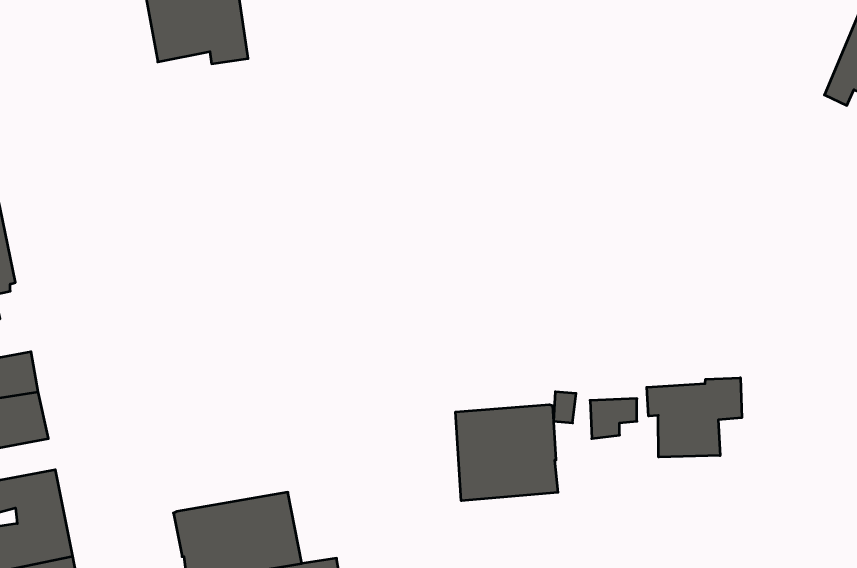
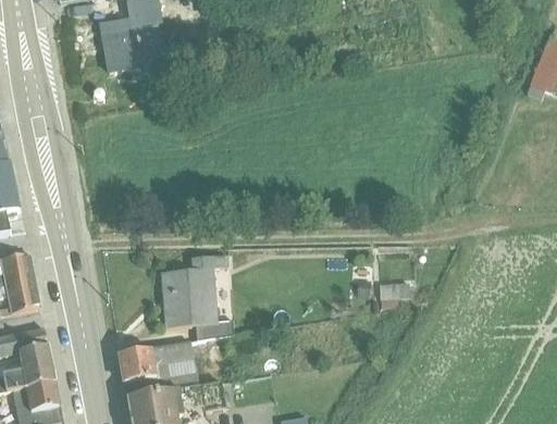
building: none -> [160,254,233,340]
building: [647,378,742,457] -> none
building: [456,405,558,501] -> none

